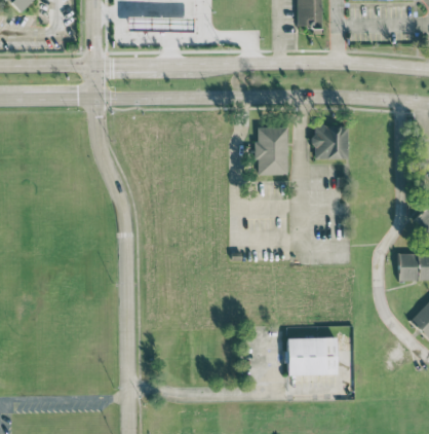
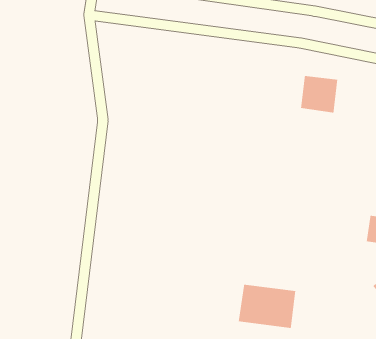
building: [258,125,289,174] -> none

